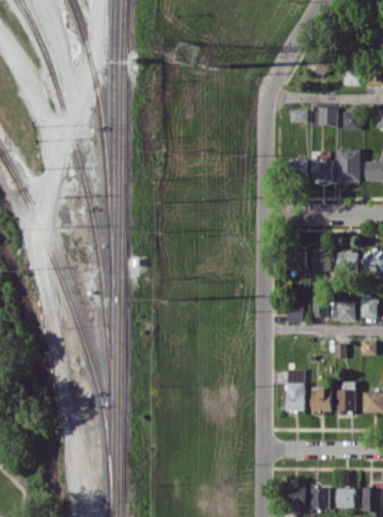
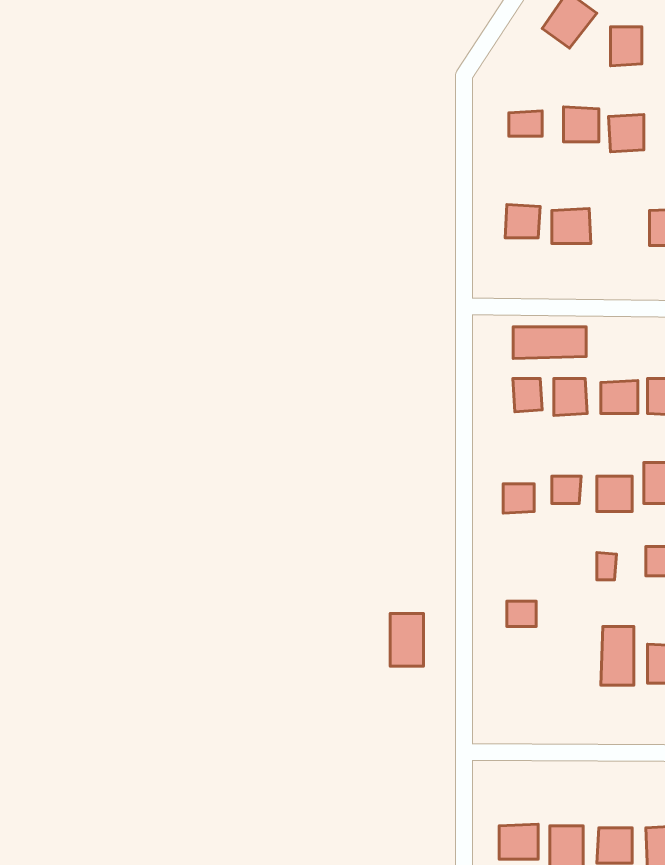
building: [337,149,360,182] -> none
building: none -> [513,327,586,358]
building: [286,384,304,412] -> [390,613,423,666]
building: [311,387,331,413] -> none

